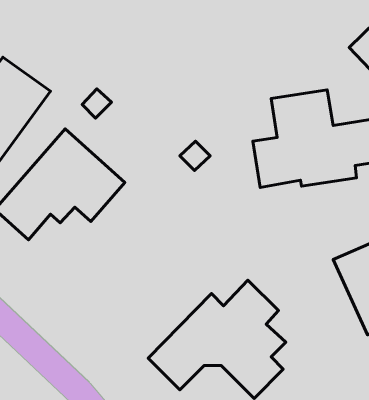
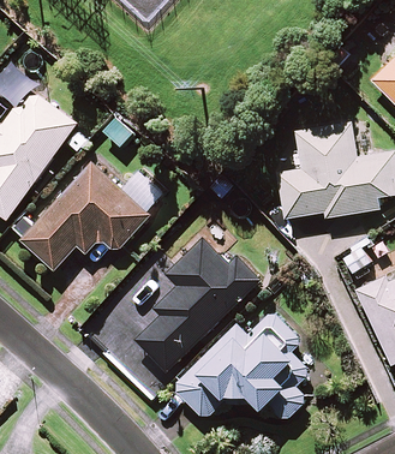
building: none -> [134,239,258,371]

